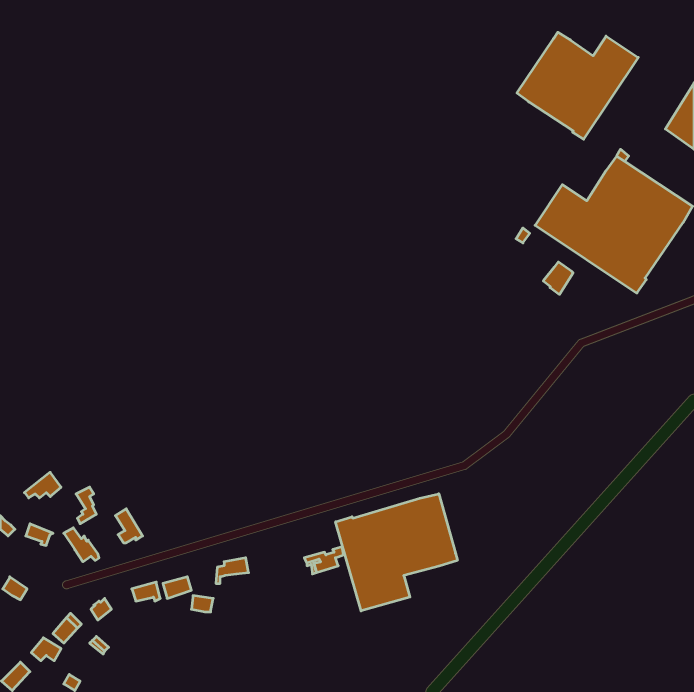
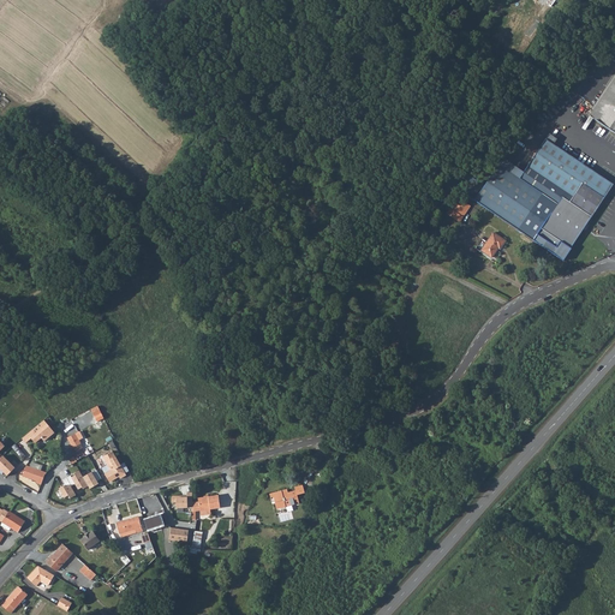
building: [517,32,638,139] -> none
building: [336,494,457,611] -> none

